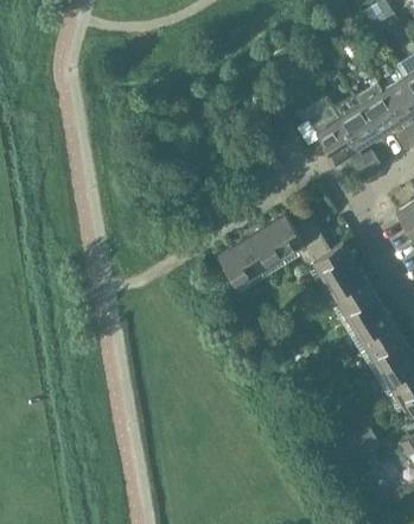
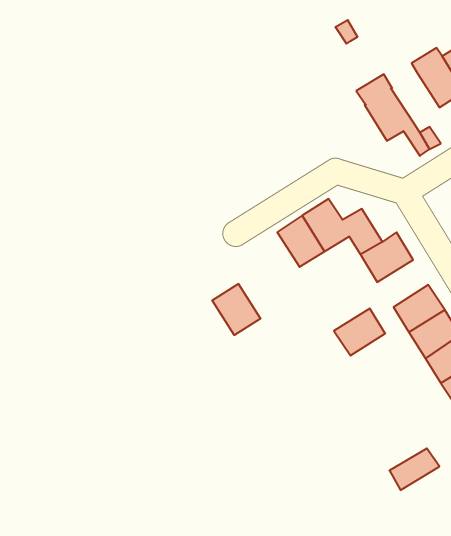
building: [337,106,378,150] -> none
building: [217,242,259,286] -> [212,284,261,335]
building: [325,266,369,307] -> [334,309,385,356]

